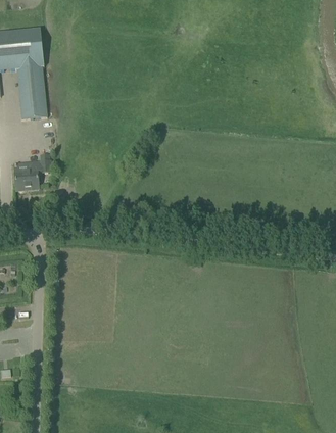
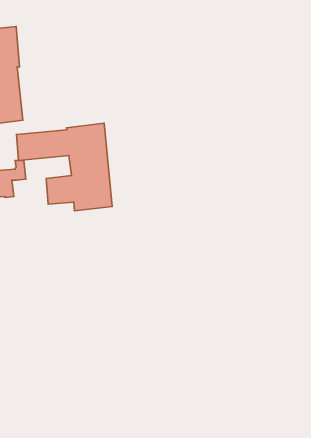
building: none -> [17,123,112,211]

